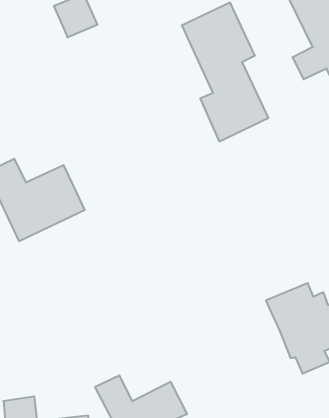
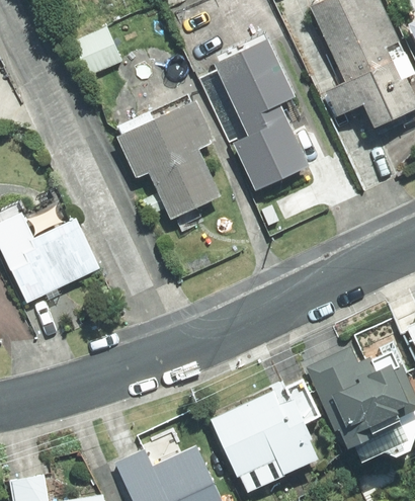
building: none -> [114,99,220,219]
building: none -> [209,375,320,492]

